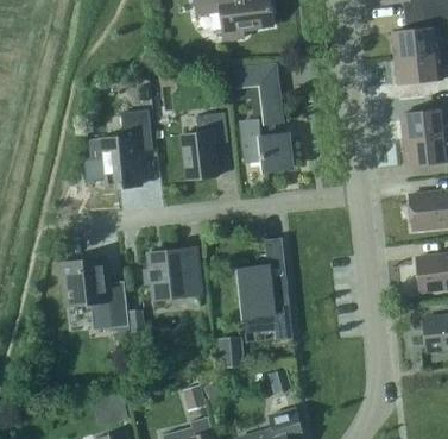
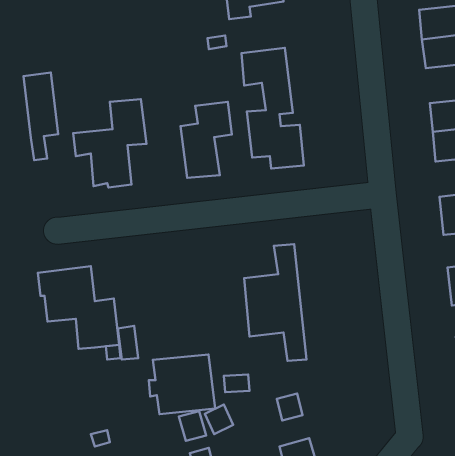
building: none -> [24,73,58,160]
building: [144,247,202,300] -> [149,354,215,414]

